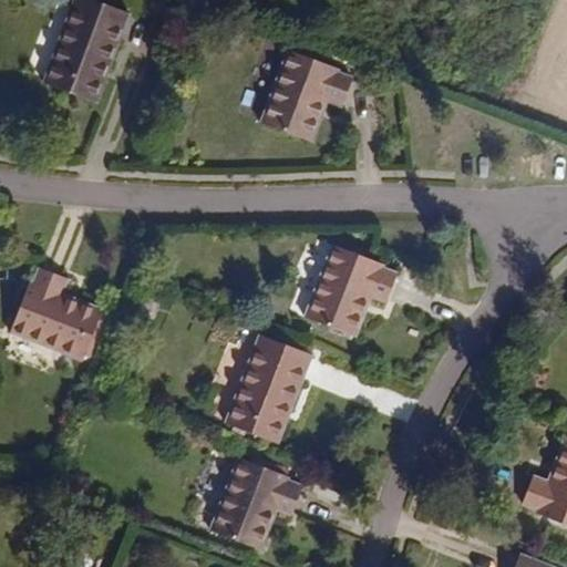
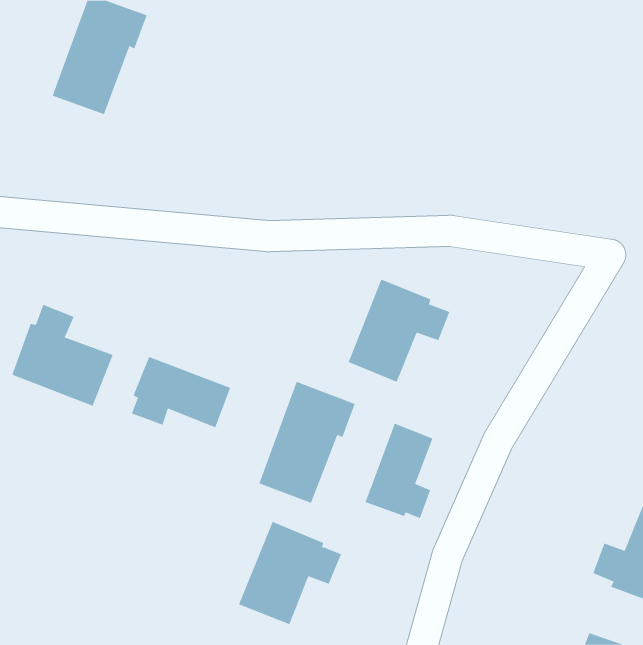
building: [264,51,352,140] -> none
building: none -> [131,356,231,428]
building: none -> [365,423,433,519]

